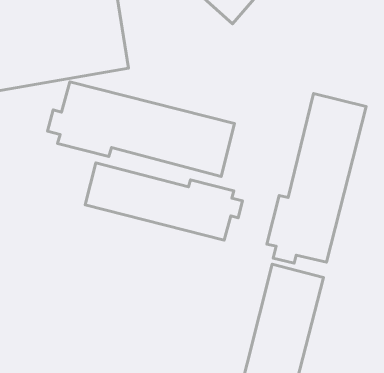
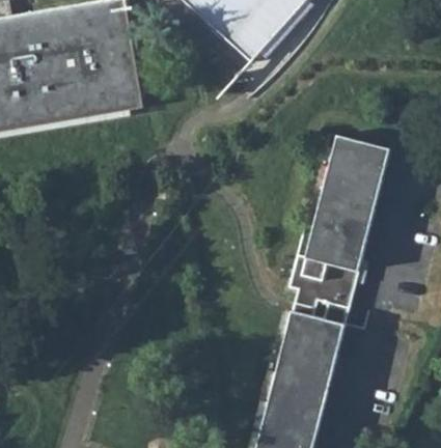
building: [47,82,235,176] -> none
building: [85,163,243,240] -> none

